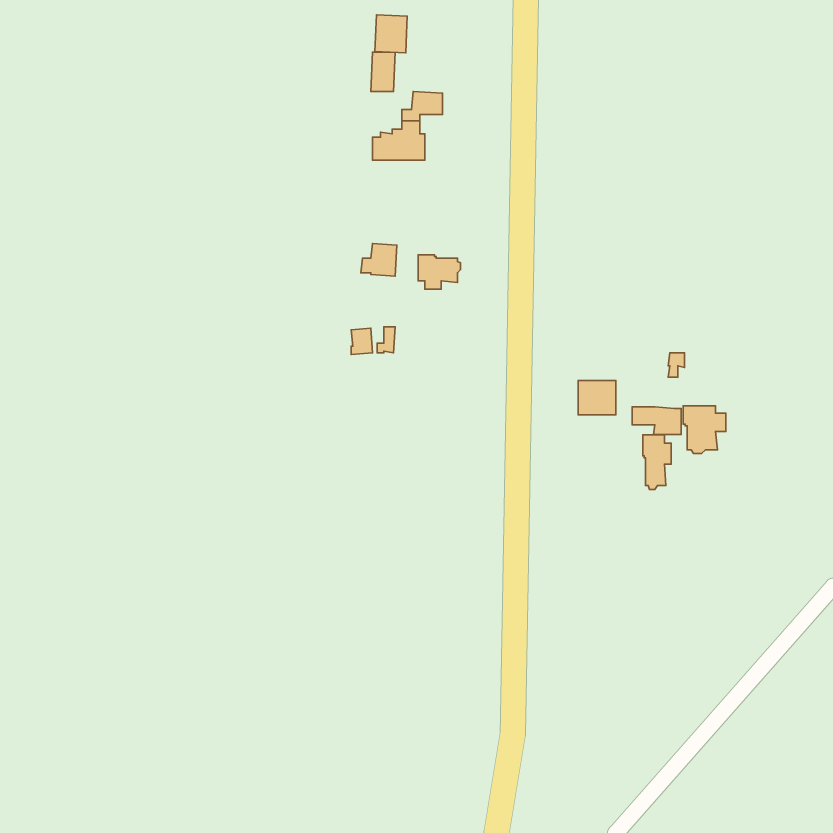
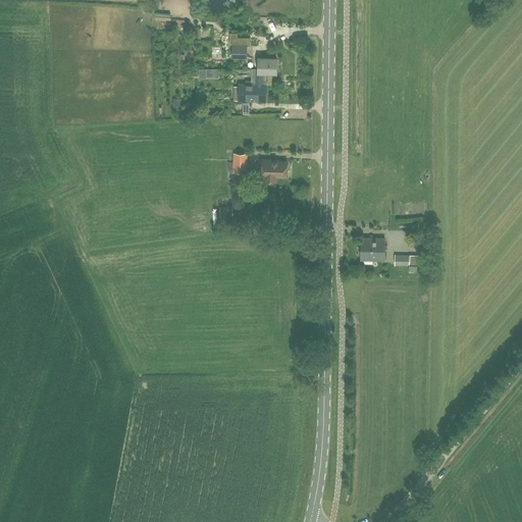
building: [375,15,407,53] -> none
building: [683,406,726,454] -> none
building: [643,435,671,490] -> none

